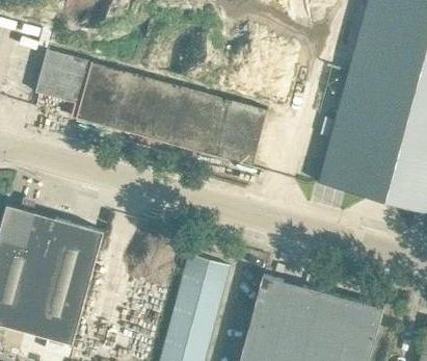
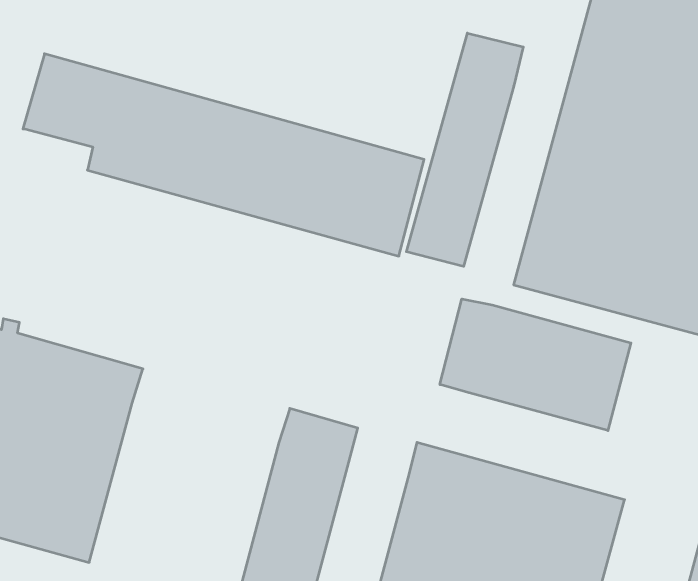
building: none -> [406,33,523,266]
building: none -> [440,299,631,431]

